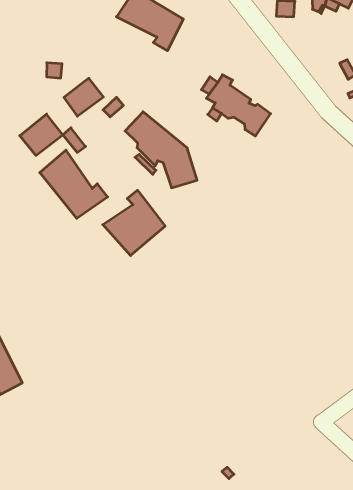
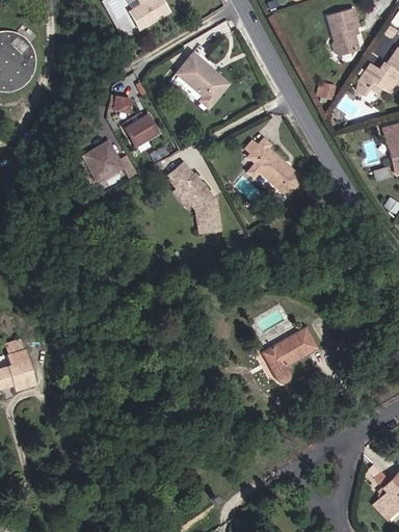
building: [40,150,108,218] -> none
building: [103,190,165,256] -> none
building: none -> [258,324,321,383]

